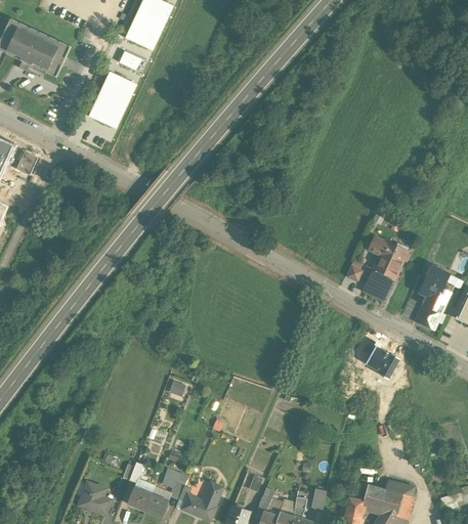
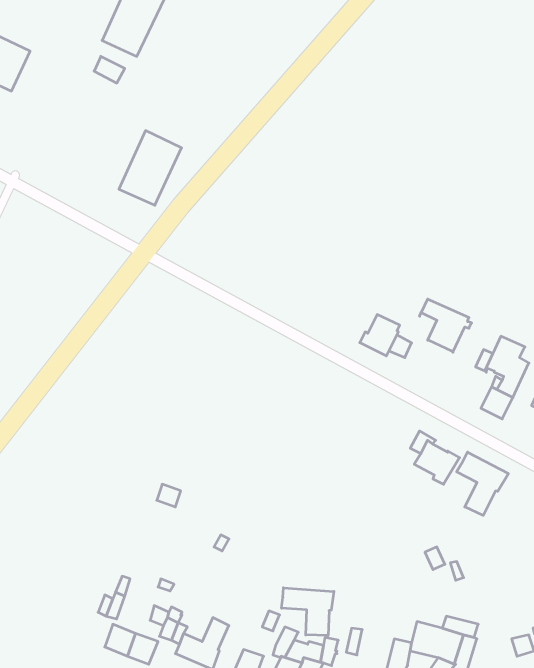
building: [88,71,136,128] -> [119,131,182,205]
building: [363,268,393,300] -> [360,315,400,356]
building: none -> [457,452,508,515]
building: none -> [282,588,334,636]
building: [78,482,111,515] -> none

